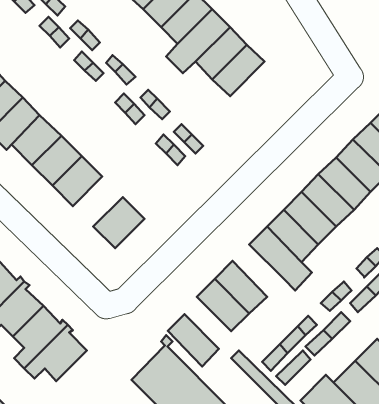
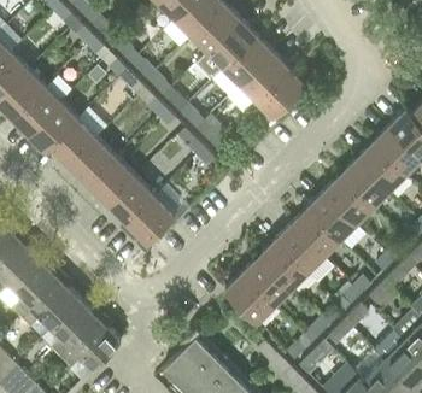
building: none -> [247,69,305,129]
building: none -> [107,177,154,224]
building: [168,314,219,367] -> [258,241,306,291]

